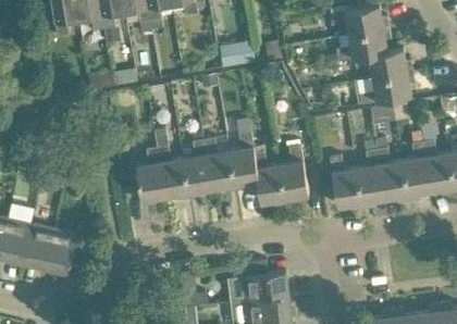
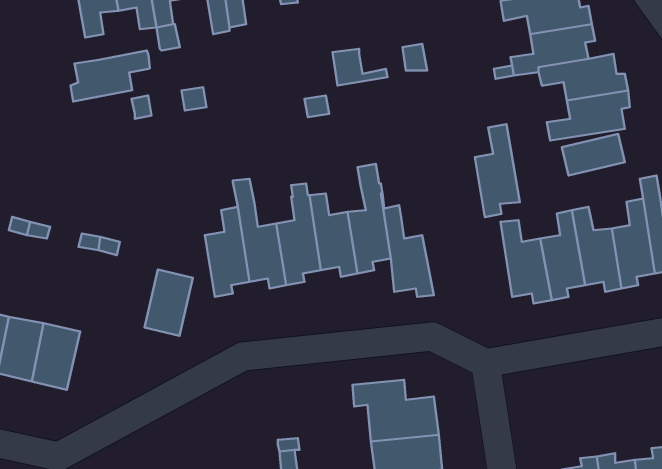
building: none -> [71,51,150,102]
building: [280,145,309,205] -> [475,124,520,217]
building: [46,229,77,273] -> [145,269,193,336]

